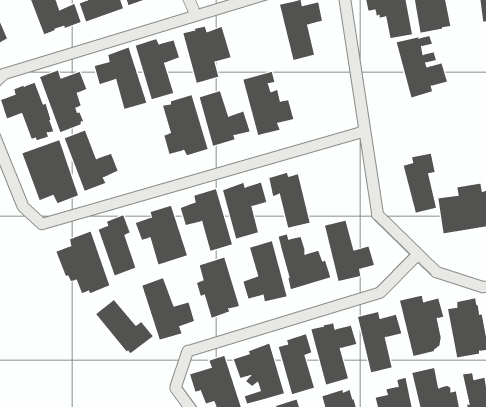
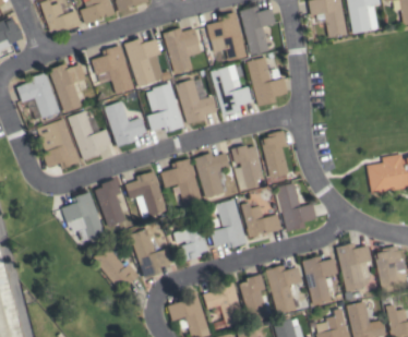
building: none -> [206,12,247,61]
building: [396,36,448,98] -> [247,57,288,107]
building: none -> [104,101,146,147]
building: [403,153,437,213] -> [261,131,288,179]

